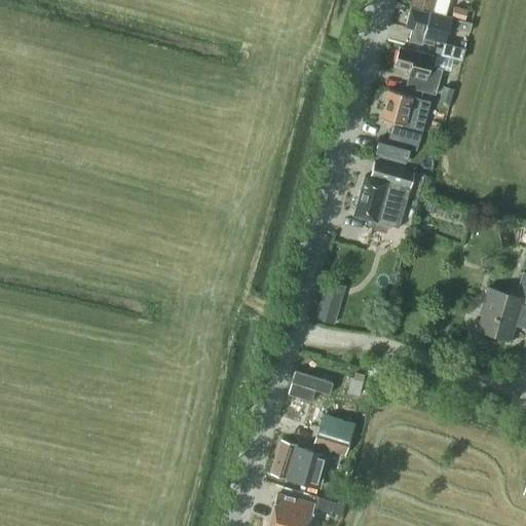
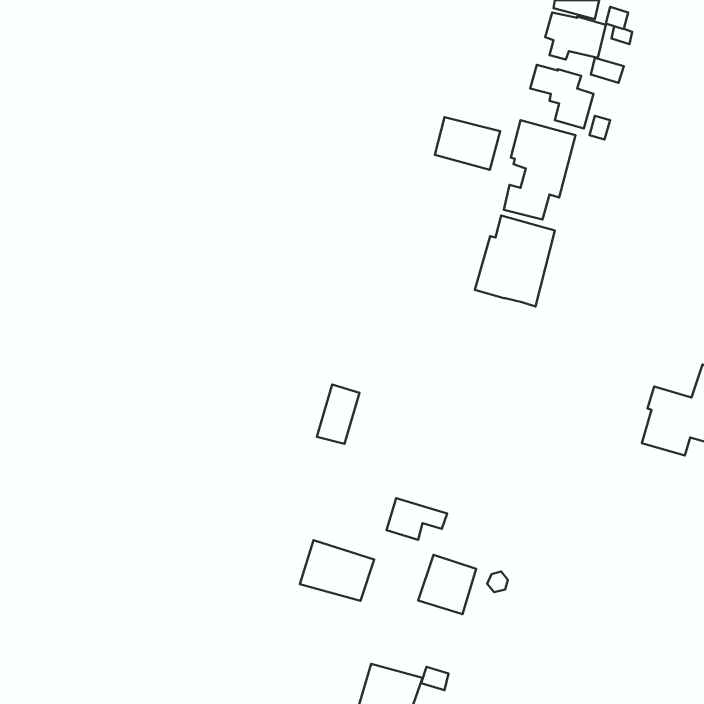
building: none -> [435,117,500,170]
building: [314,280,346,325] -> [317,384,360,444]
building: [272,442,328,487] -> [300,540,374,601]

